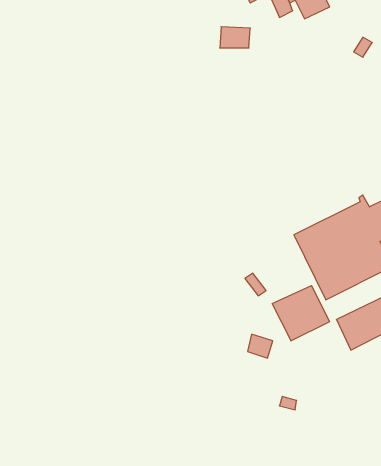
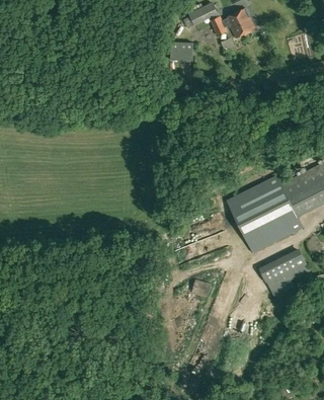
building: [272,286,329,341] -> none

